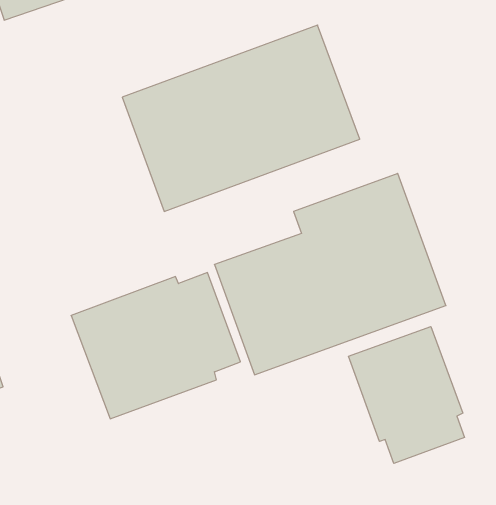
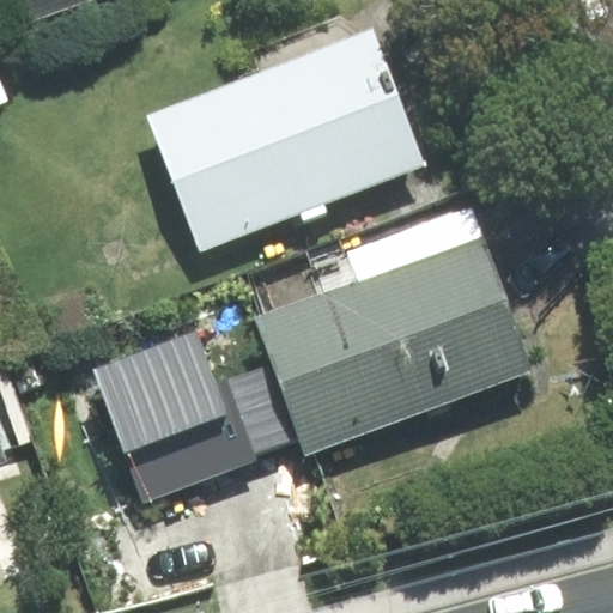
building: [349,327,465,463] -> none

